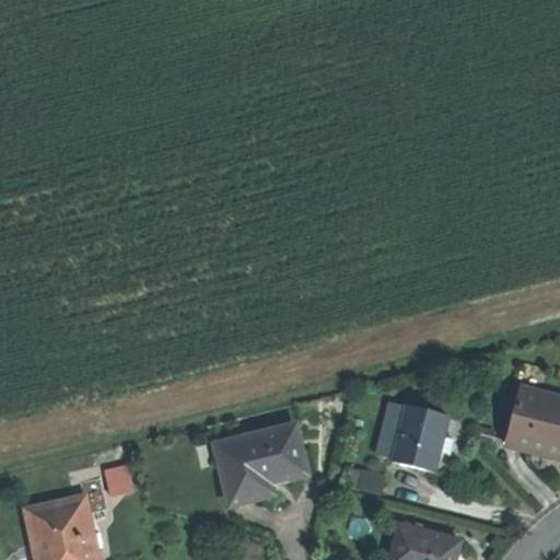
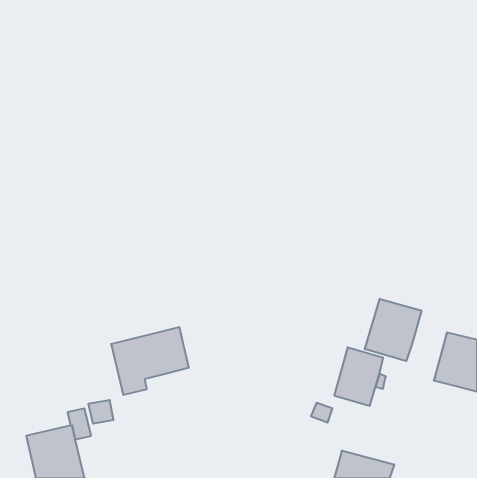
building: none -> [365,299,421,361]
building: [214,425,305,504] -> [111,327,189,395]

